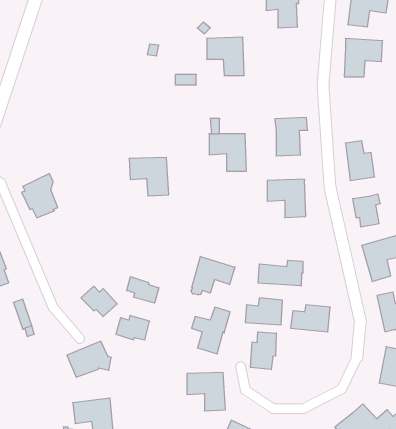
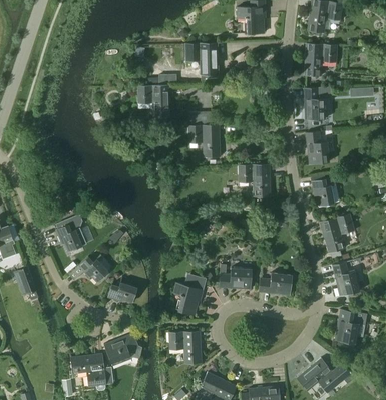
building: [275,118,308,156] -> [303,87,331,120]
building: [129,157,169,196] -> [136,85,170,118]
building: [22,174,58,218] -> [54,214,85,252]
building: [191,256,235,295] -> none
building: [258,260,303,286] -> none
building: [127,277,159,303] -> none
building: [251,332,276,370] -> none
building: [67,341,111,377] -> [103,333,141,364]

